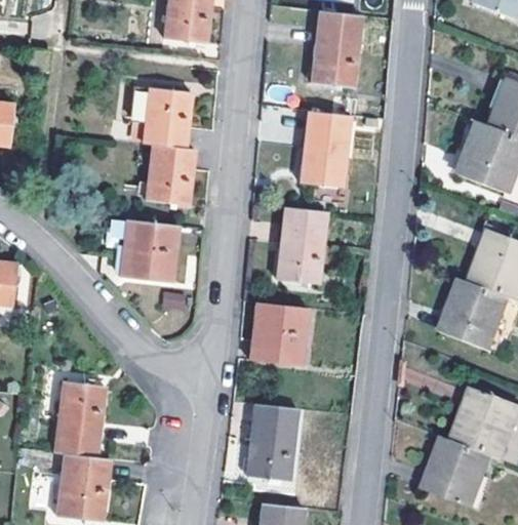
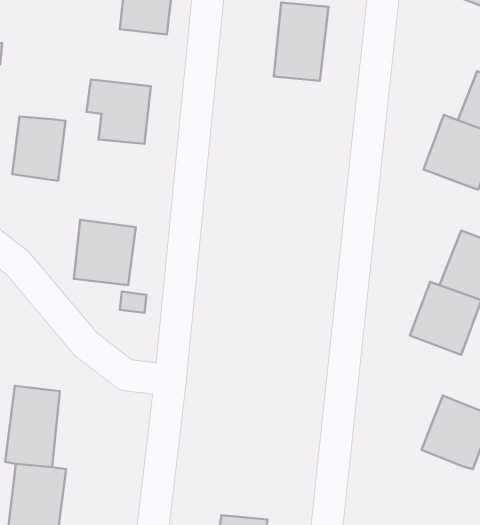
building: [298,112,351,187] -> none
building: [146,145,197,206] -> [12,116,66,181]
building: [276,207,327,283] -> none
building: [248,302,308,365] -> none
building: [245,404,298,479] -> none
building: [424,438,491,509] -> none

